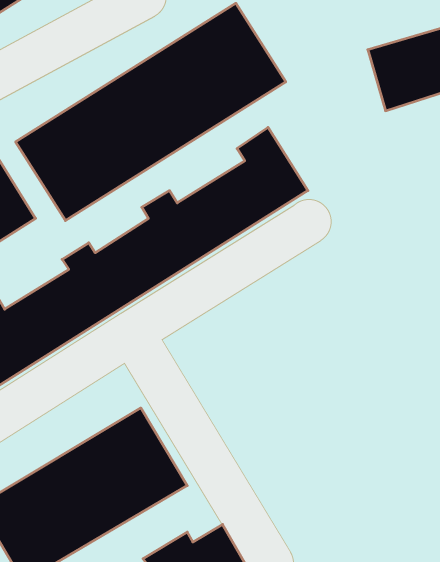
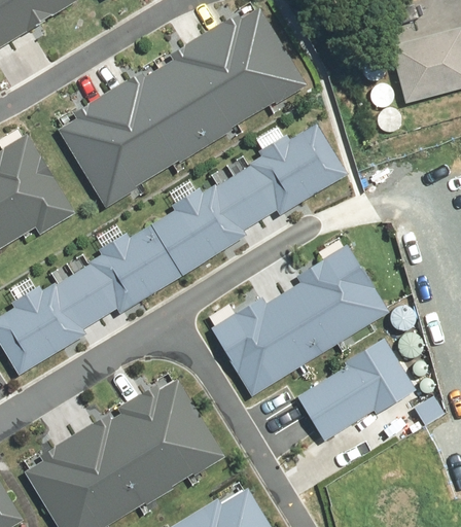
building: none -> [211,242,388,394]
building: none -> [299,344,417,446]

